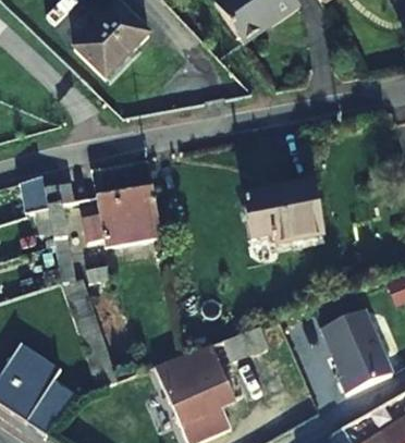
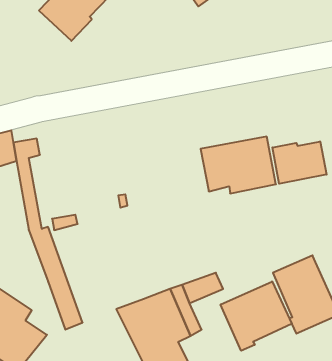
building: [84,186,161,246] -> none
building: none -> [272,141,327,184]
building: none -> [221,281,292,351]

